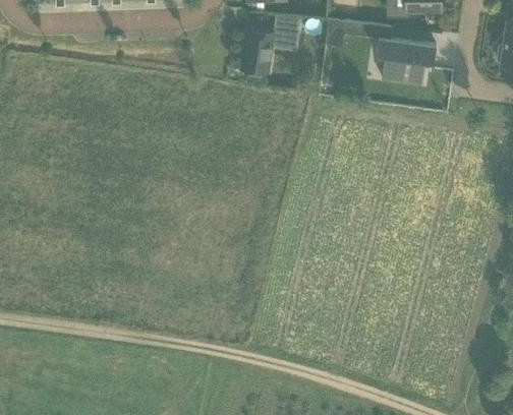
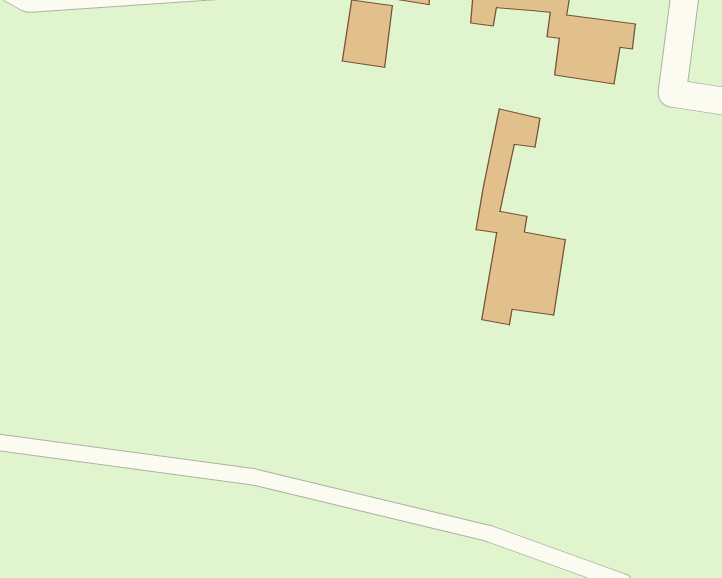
building: none -> [476,109,565,325]

